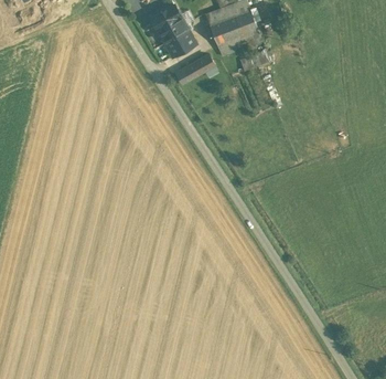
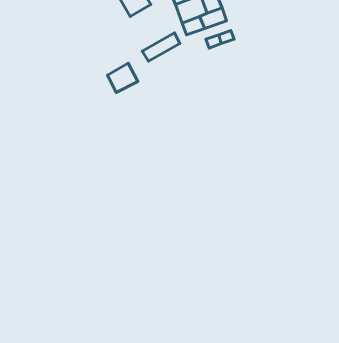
building: [163,25,194,55] -> [108,63,138,92]

